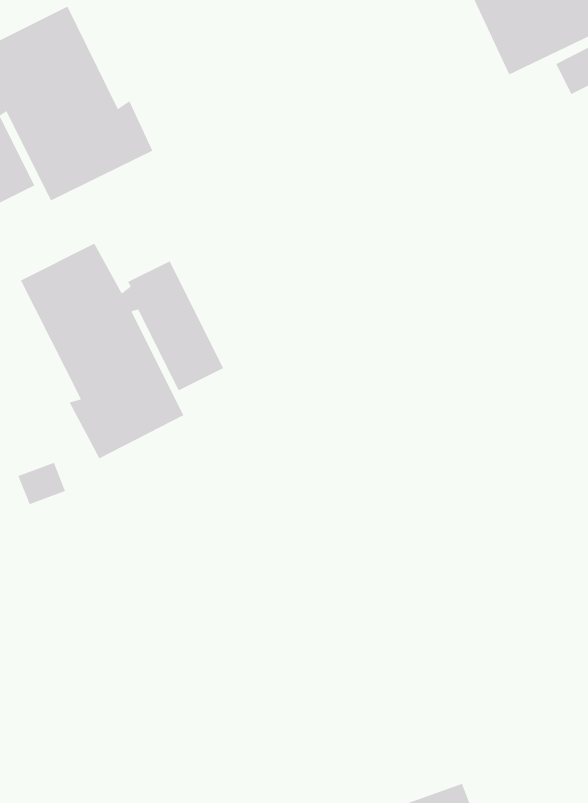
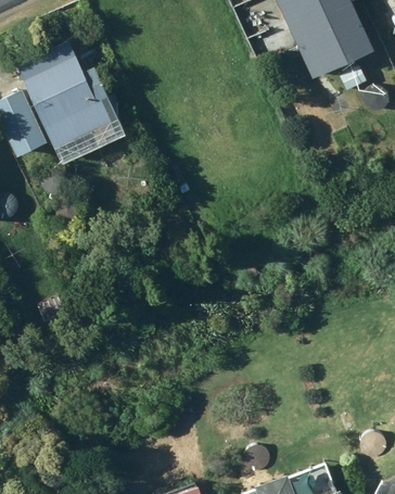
building: [20,243,224,459] -> none

